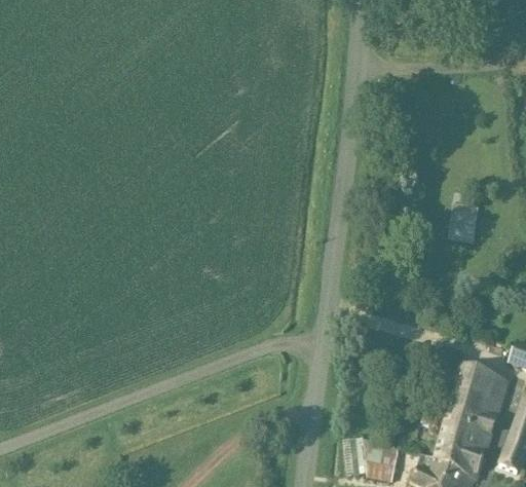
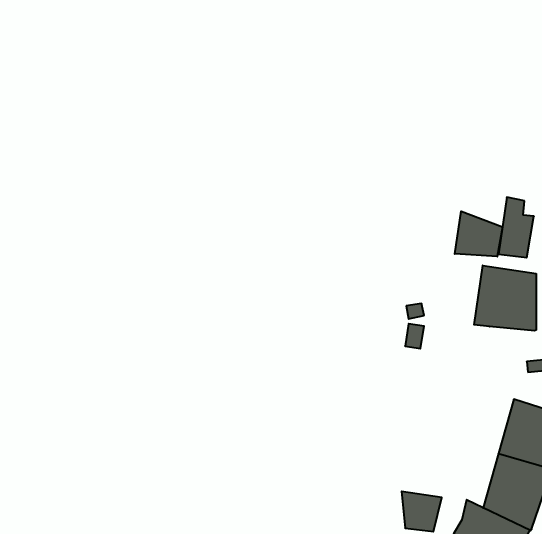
building: none -> [455,211,502,257]
building: none -> [474,265,536,331]

